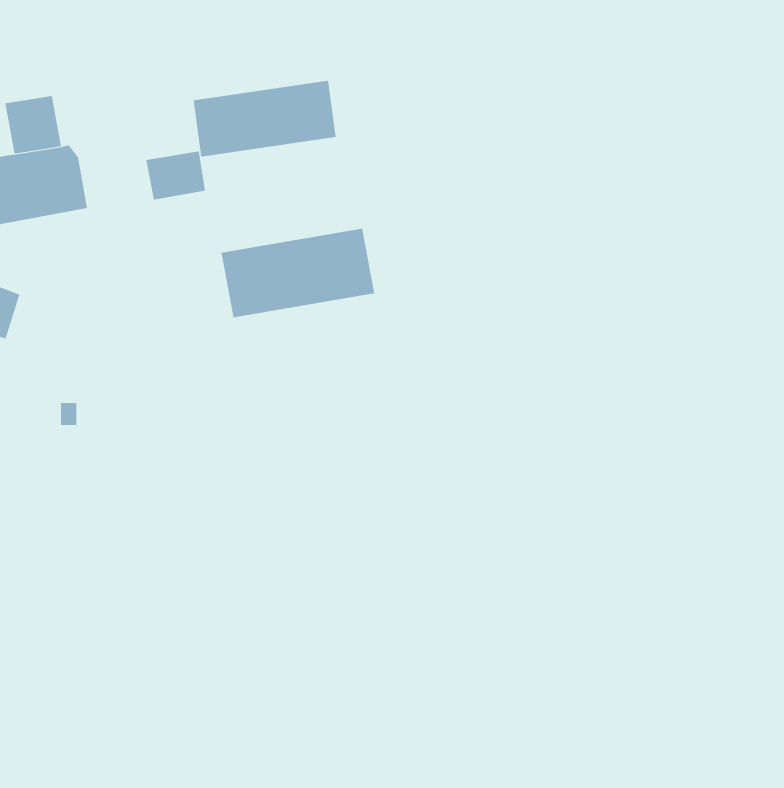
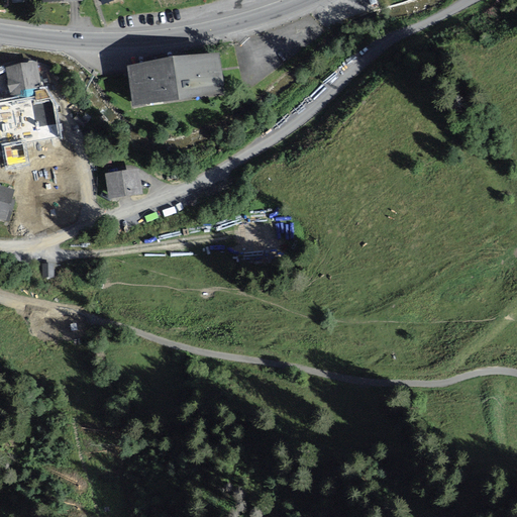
building: [146,151,206,200] -> [101,167,140,199]
building: [221,228,375,318] -> none

